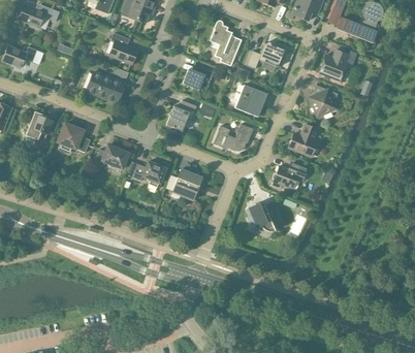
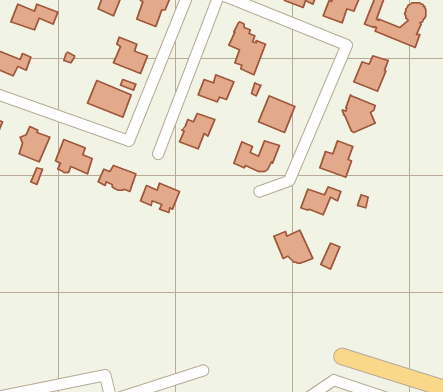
building: [247,41,285,68] -> none
building: [172,168,202,200] -> none

